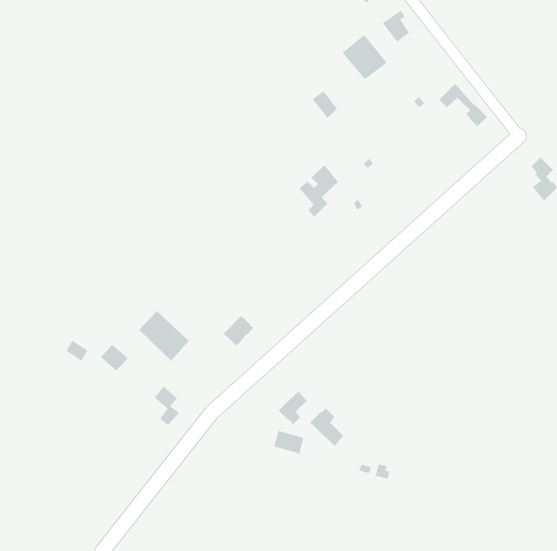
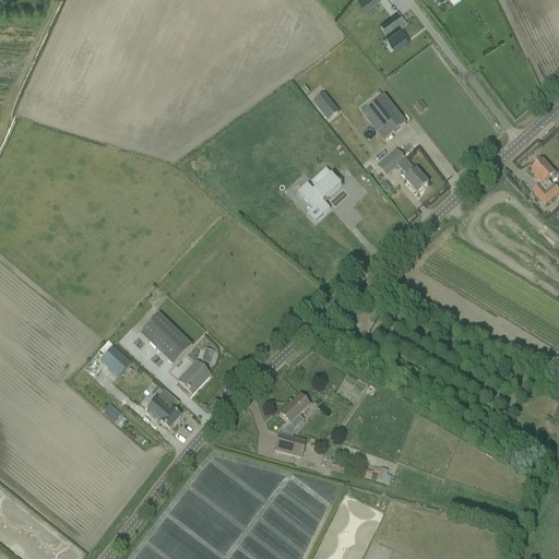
building: [342,34,387,80] -> [360,92,406,138]
building: [439,83,488,127] -> [379,146,428,190]
building: [223,315,254,347] -> [177,359,209,391]
building: [310,407,344,446] -> none

